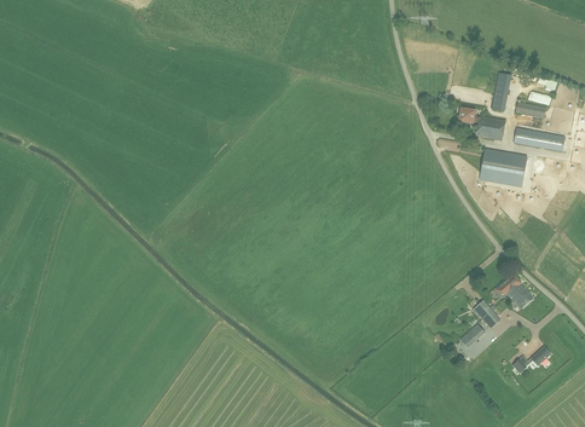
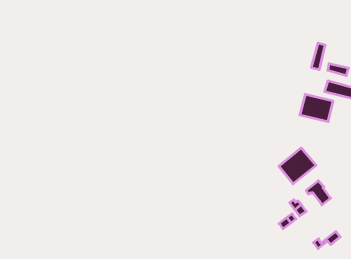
building: [456,108,504,140] -> none
building: none -> [279,148,316,184]

